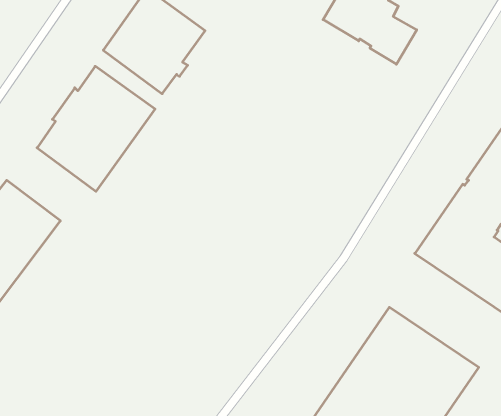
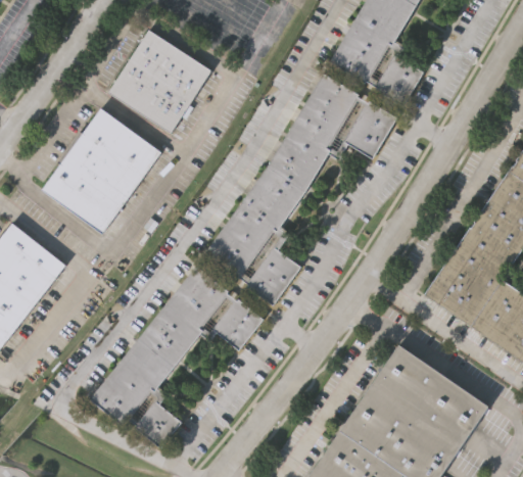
building: none -> [203,76,394,307]
building: none -> [89,266,263,445]

